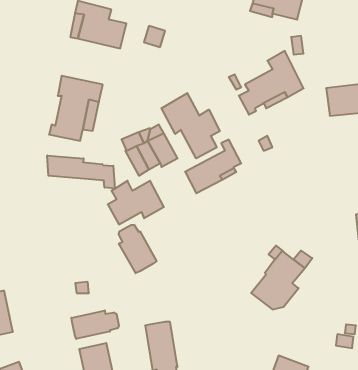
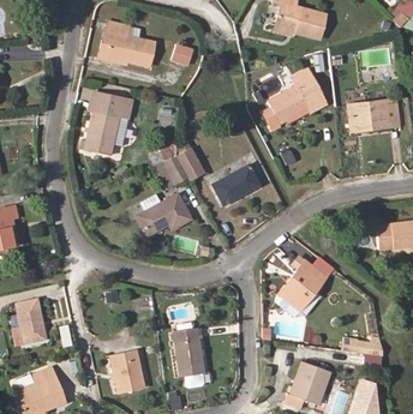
building: [161,93,220,158] -> none
building: [47,155,115,188] -> none
building: [119,225,157,273] -> none
building: [71,310,119,339] -> none

